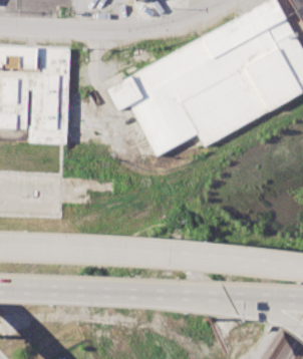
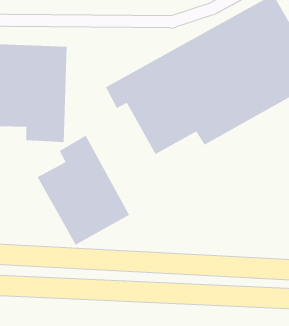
building: none -> [37,135,130,245]

